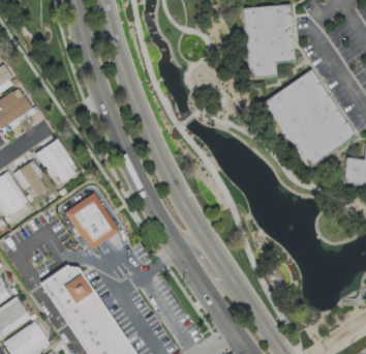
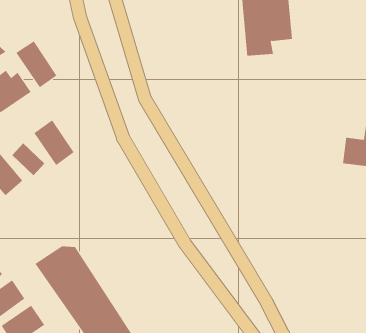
building: none -> [16,41,57,88]
building: [262,70,354,169] -> none
building: [65,193,120,250] -> none

